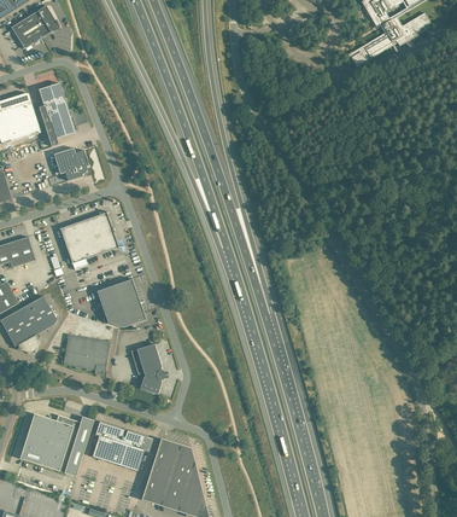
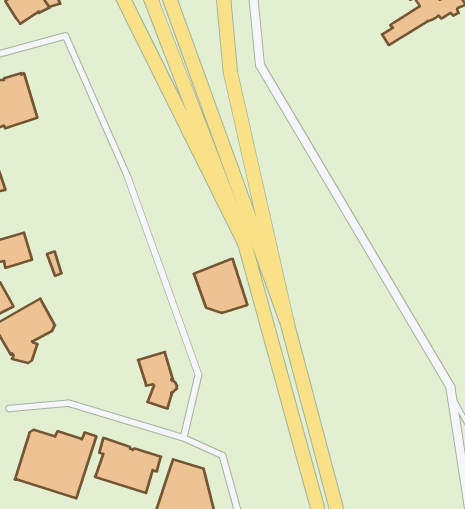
building: [37,82,76,145] -> none
building: [53,147,88,180] -> none
building: [59,210,119,269] -> none
building: [96,278,145,326] -> [194,259,247,313]
building: [60,333,110,374] -> none

